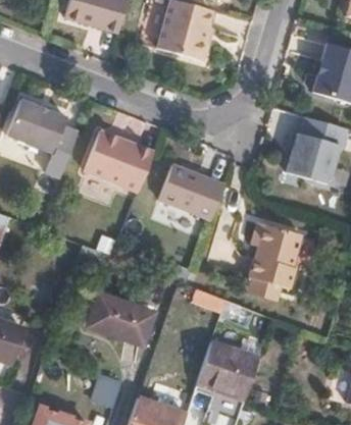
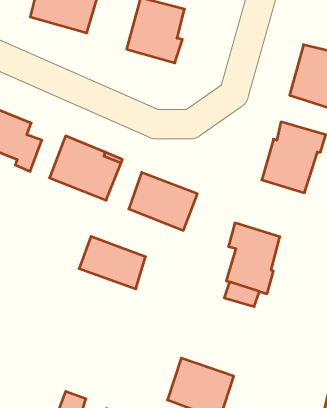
building: [88,291,151,341] -> [79,236,146,289]

